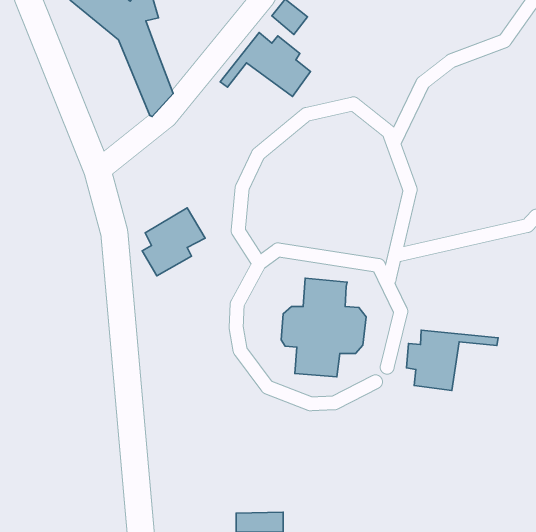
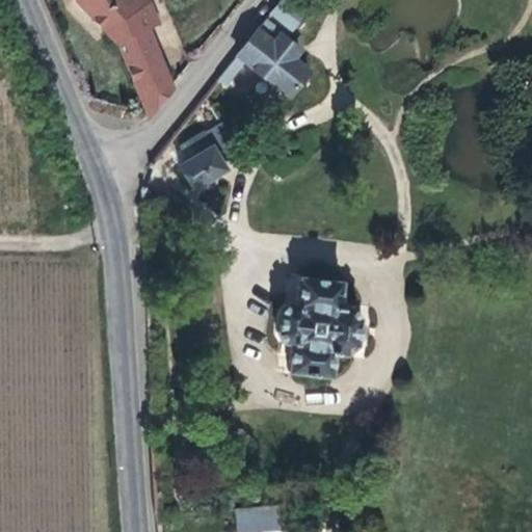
building: [142,208,205,276] -> [182,121,244,188]
building: [407,330,498,391] -> none

